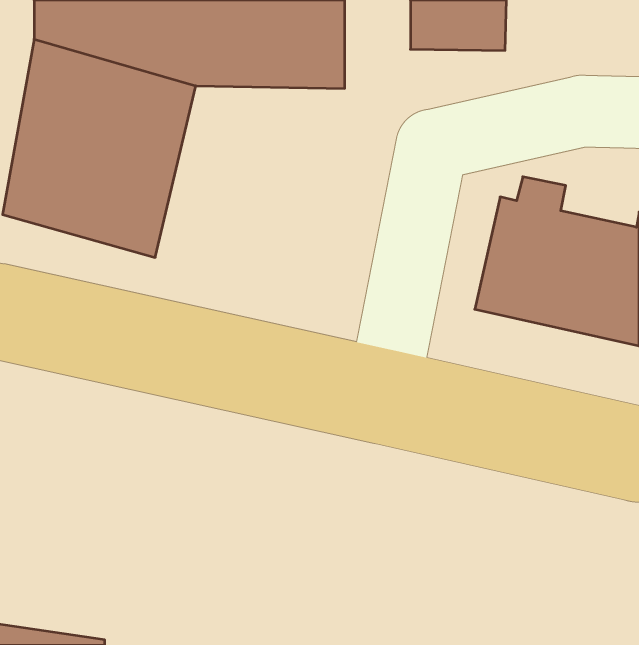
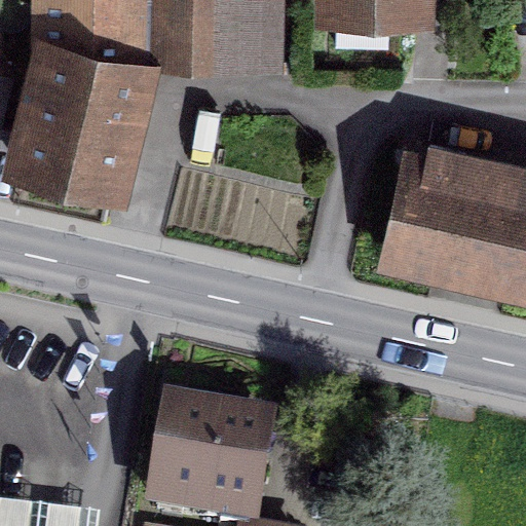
building: none -> [154,398,273,511]

